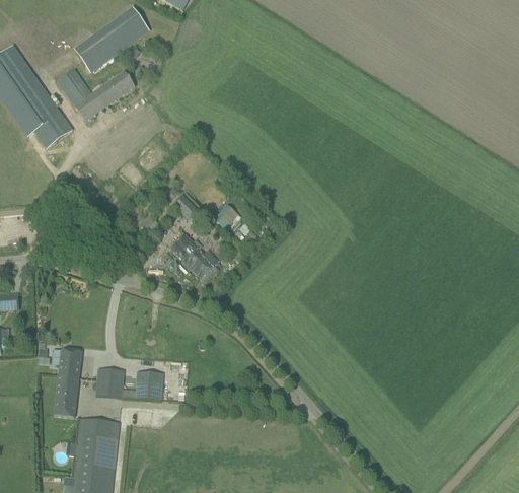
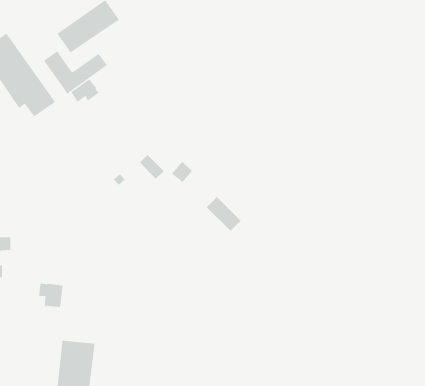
building: none -> [70,78,99,102]
building: [172,234,215,277] -> [206,196,241,232]
building: [96,367,162,399] -> none
building: [54,375,78,416] -> none

